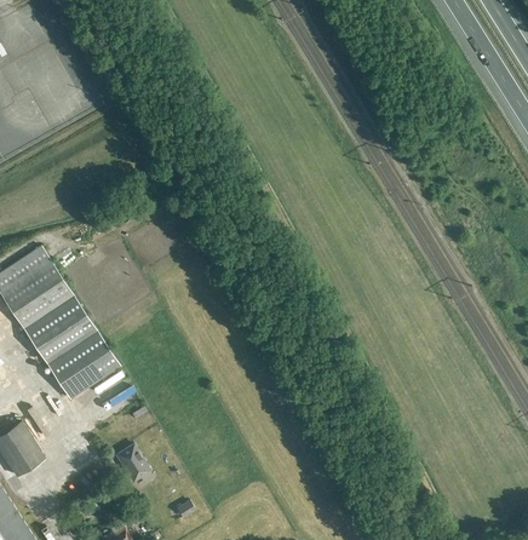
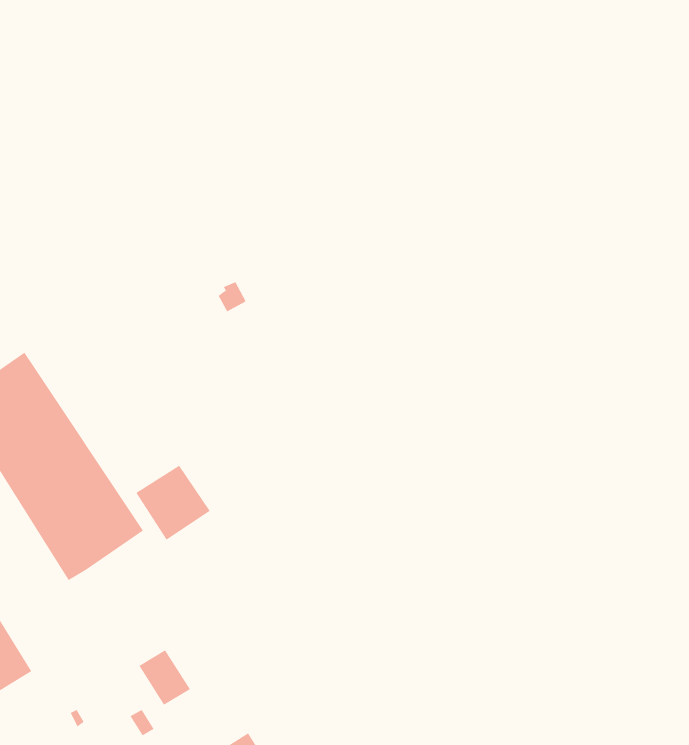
building: none -> [136,465,211,540]

